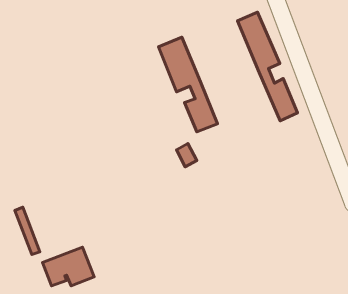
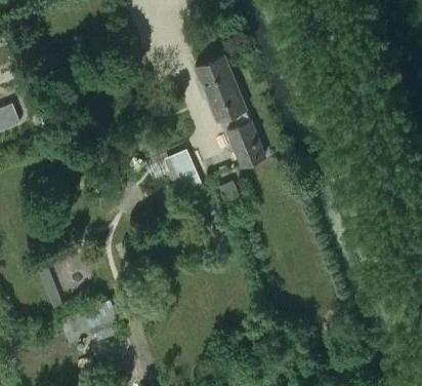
building: [237,12,297,121] -> none
building: none -> [163,149,201,193]

